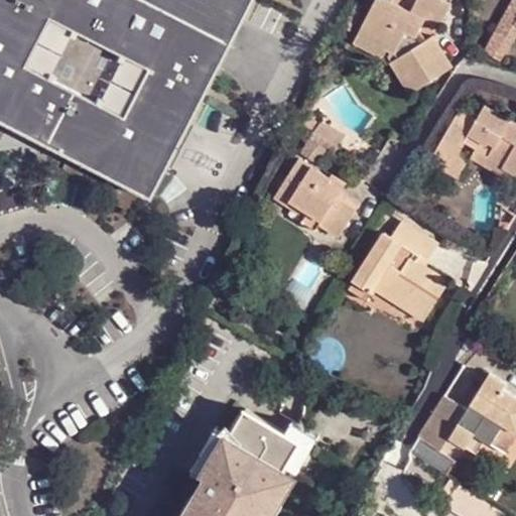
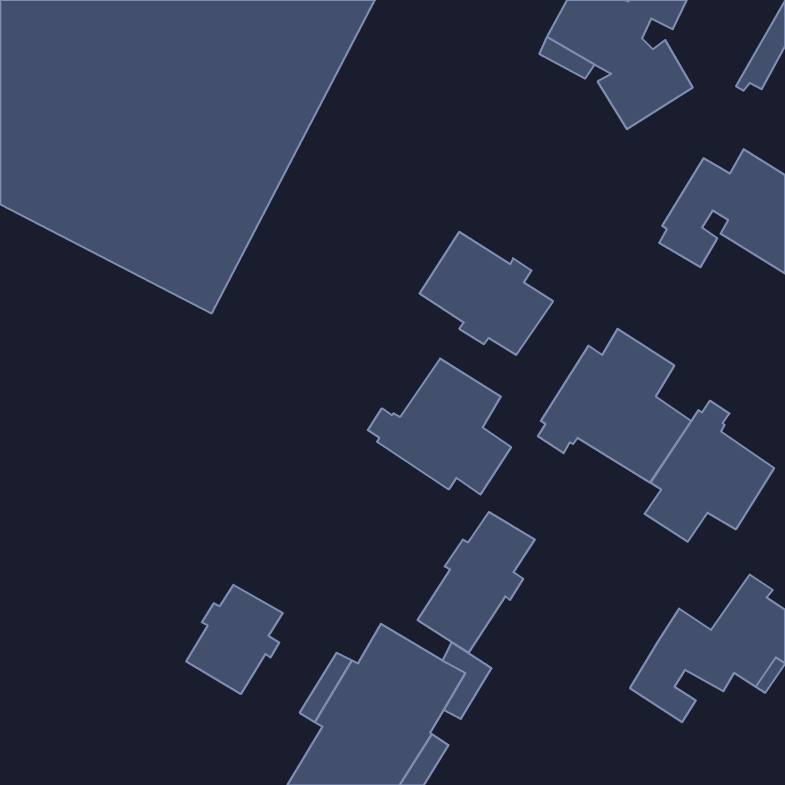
building: none -> [368,358,511,495]
building: none -> [644,401,774,542]
building: none -> [418,512,535,653]
building: none -> [186,585,283,694]

